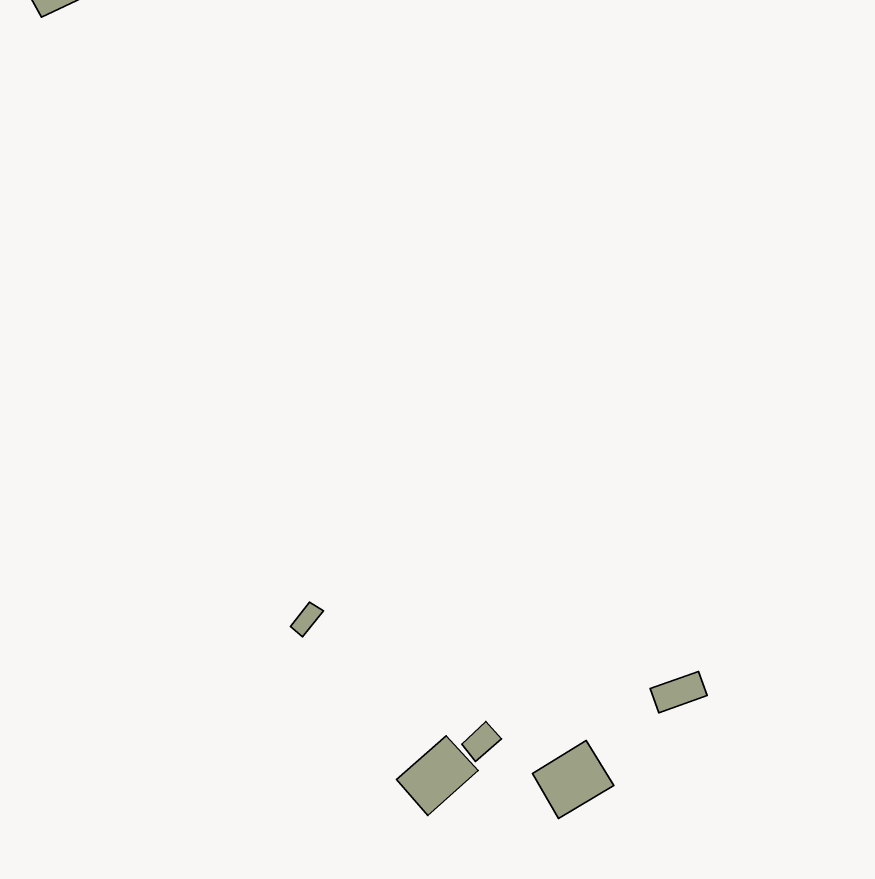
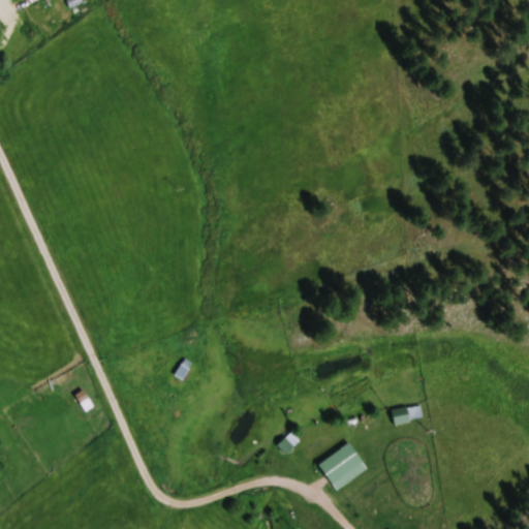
building: [397,736,478,816] -> none

